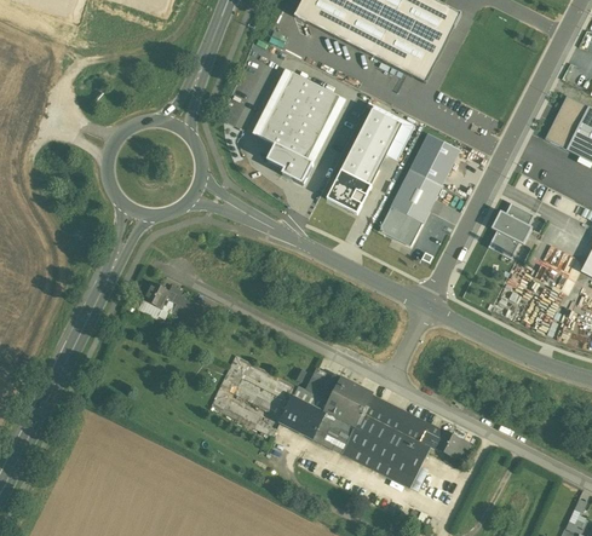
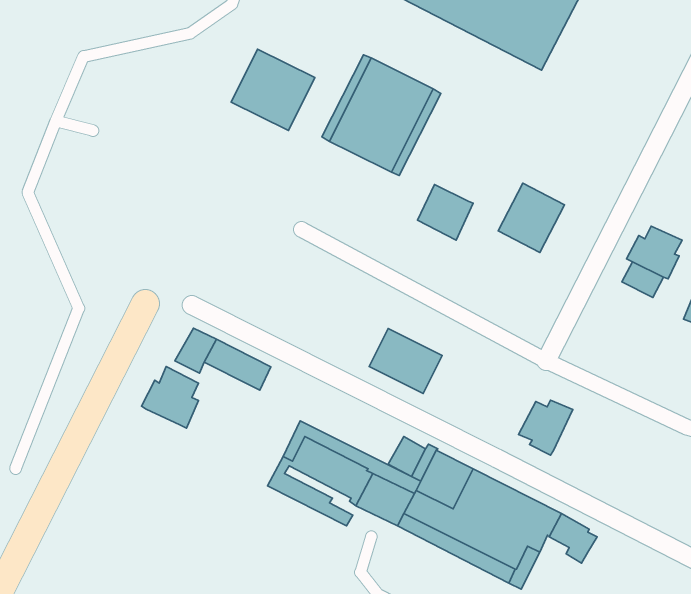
building: none -> [231,49,315,131]
building: [341,109,398,183] -> none
building: [410,132,461,185] -> none
building: [268,144,314,184] -> none
building: [380,206,424,244] -> none
building: none -> [369,329,442,393]
building: none -> [142,366,199,428]
building: none -> [519,400,573,455]

